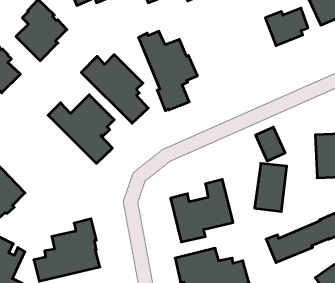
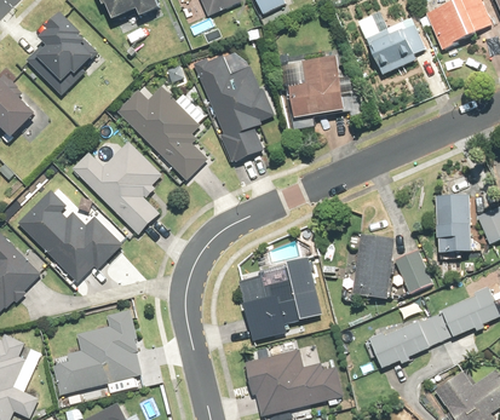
building: none -> [287,54,344,117]
building: [256,127,285,161] -> [393,248,433,294]
building: none -> [17,189,121,282]

